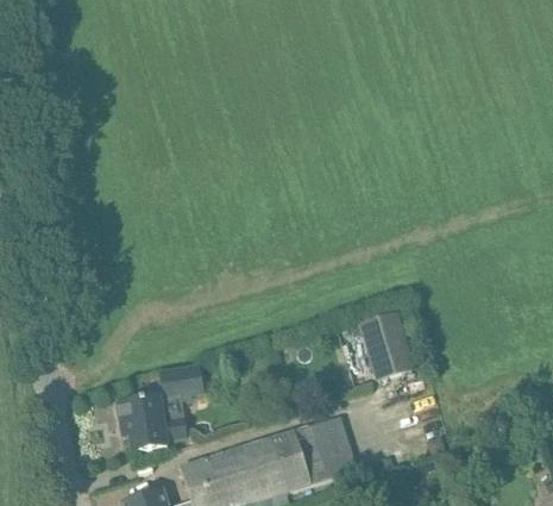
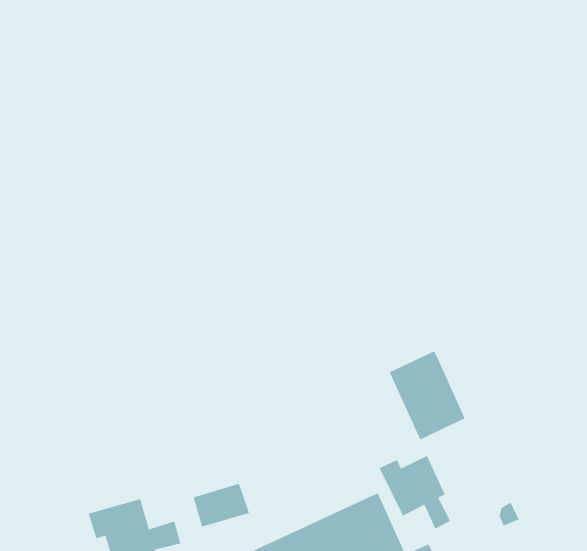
building: [161,364,202,394] -> [193,483,250,527]
building: none -> [379,455,451,530]

